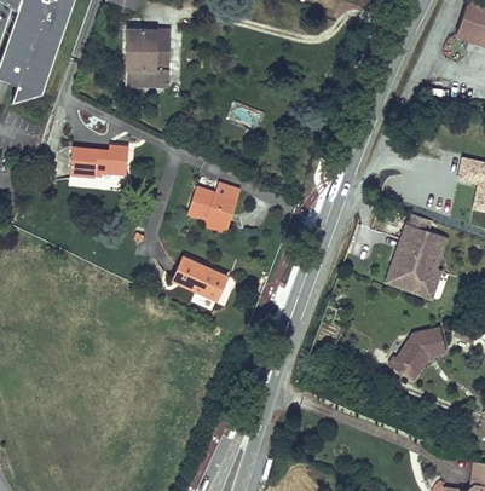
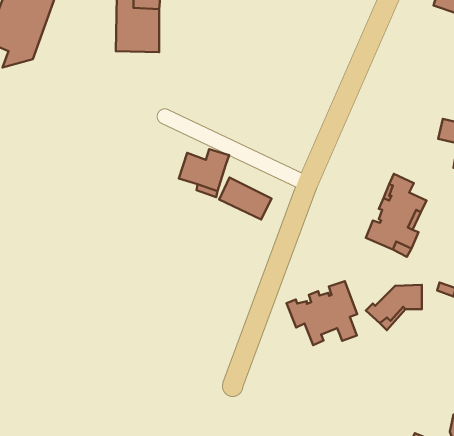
building: [67,145,128,177] -> none
building: [177,261,231,305] -> [219,177,272,219]
building: none -> [286,281,357,345]

